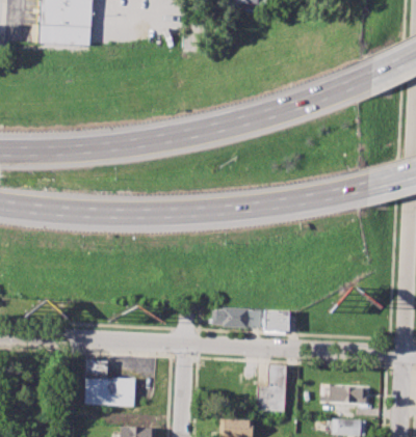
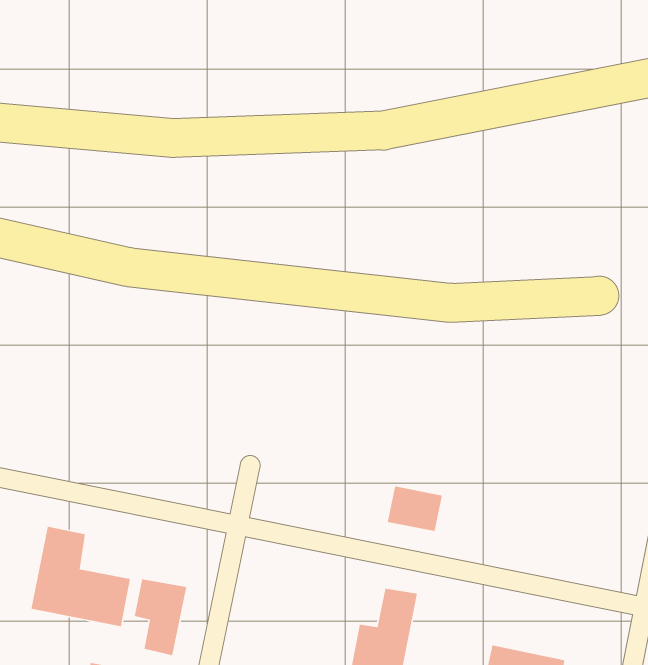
building: [211,306,260,327] -> none
building: none -> [134,579,187,656]

